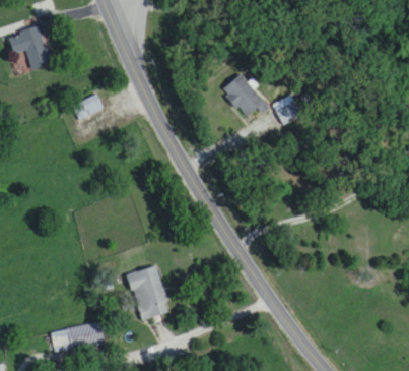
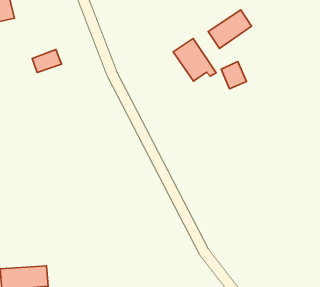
building: none -> [208,10,252,49]
building: [127,264,169,318] -> none

